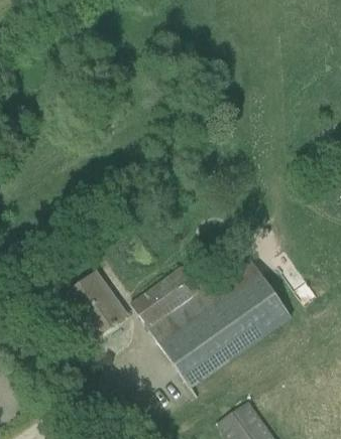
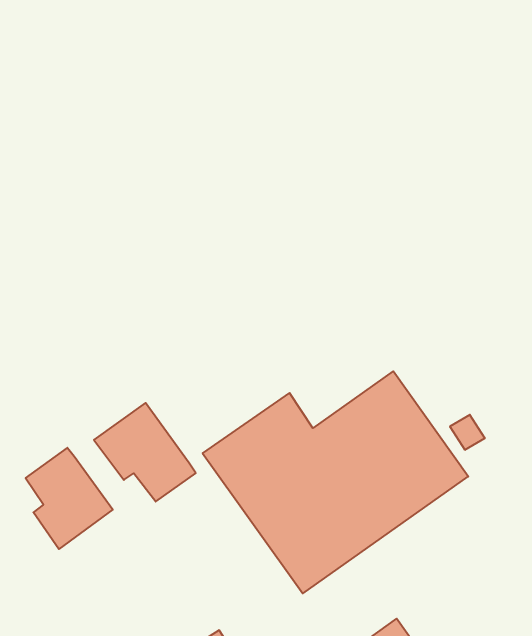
building: none -> [26,448,113,549]

